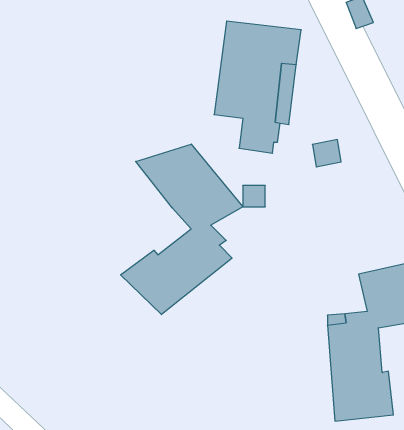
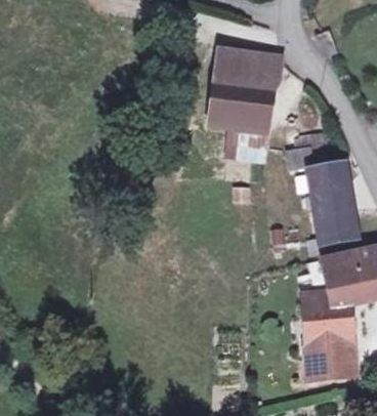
building: [121,144,243,315] -> none
building: none -> [310,162,358,242]

